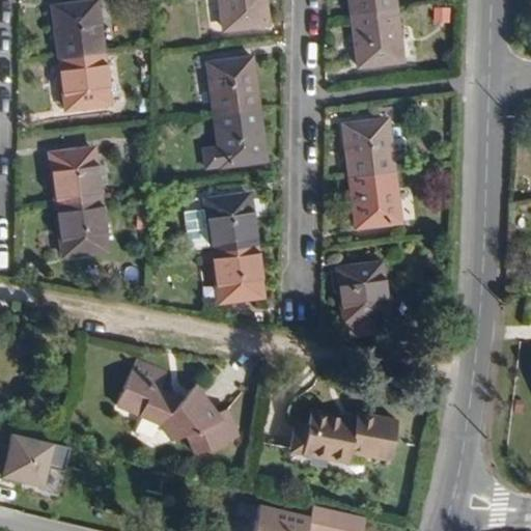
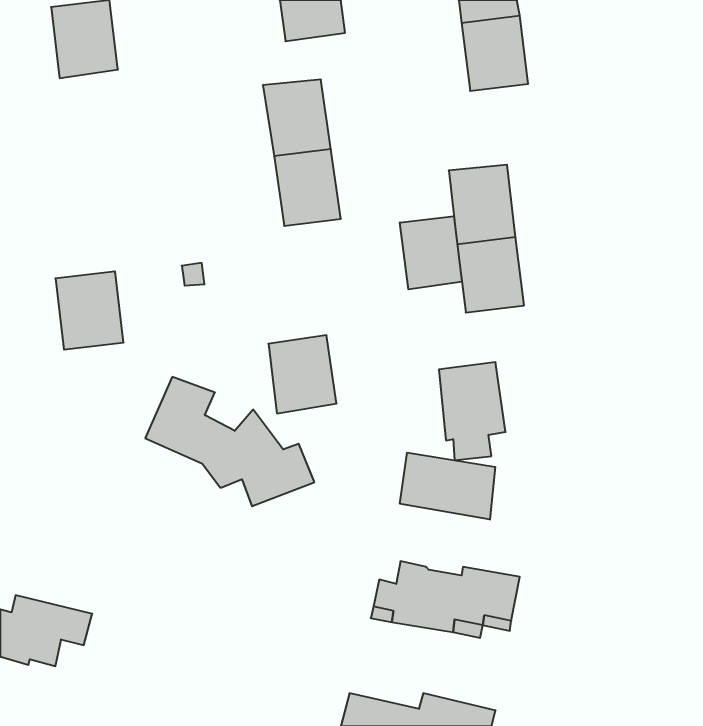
building: [60,51,109,108] -> none
building: [50,146,101,203] -> none
building: none -> [400,216,462,289]
building: [205,193,255,251] -> none
building: none -> [400,453,495,520]
building: [115,360,239,454] -> [145,377,314,506]

